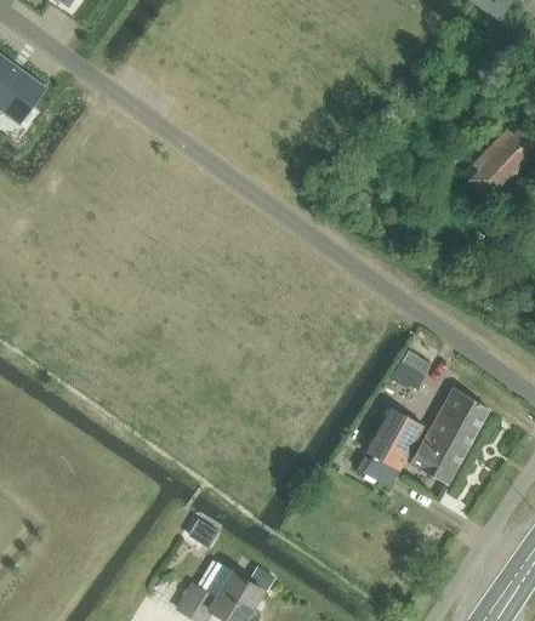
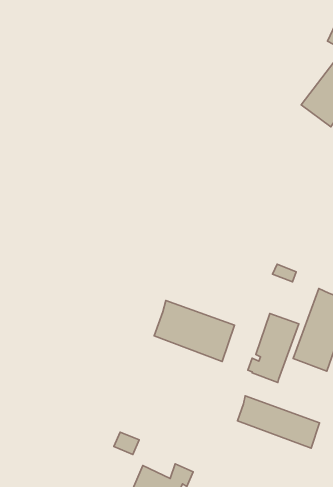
building: none -> [154,300,235,362]
building: none -> [238,396,320,448]

